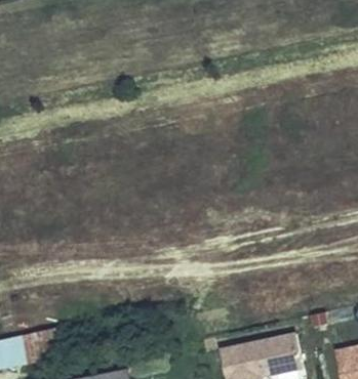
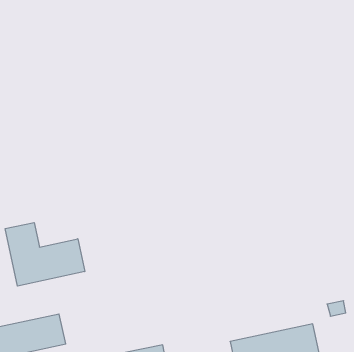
building: none -> [5,223,85,286]

